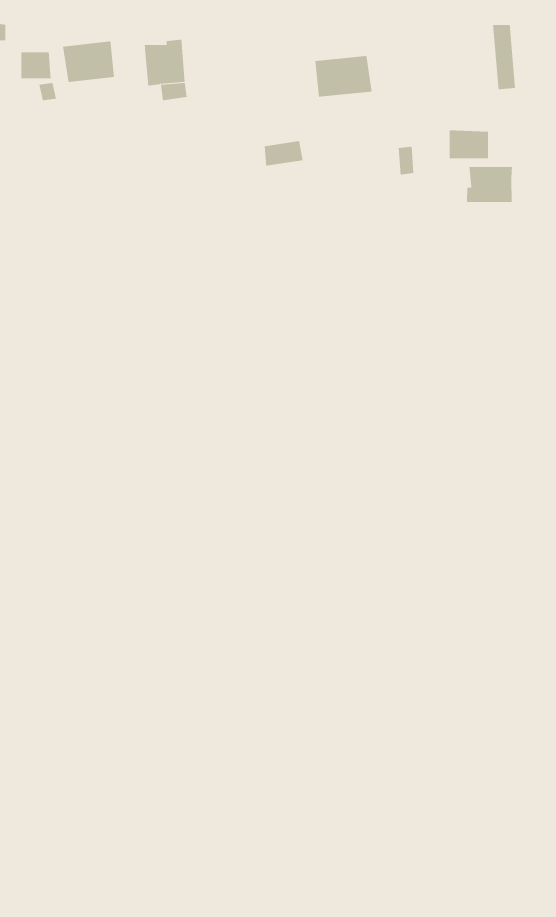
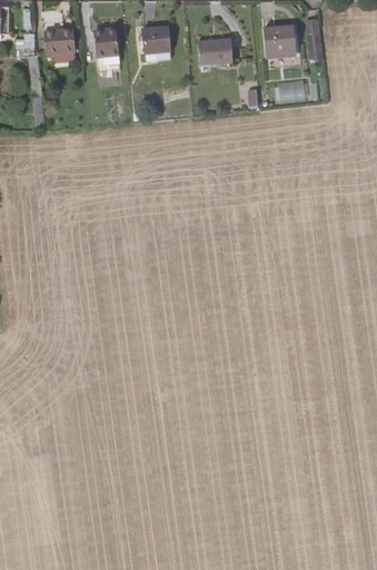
building: none -> [262,26,294,55]
building: none -> [142,27,172,60]
building: [467,166,512,203] -> none

